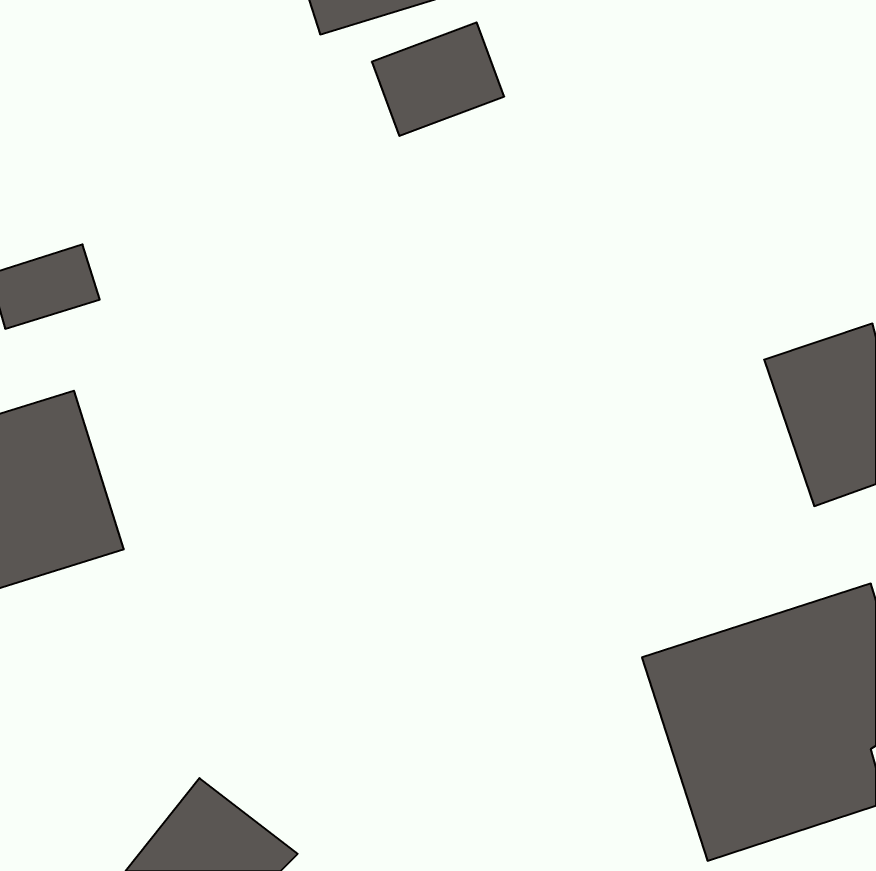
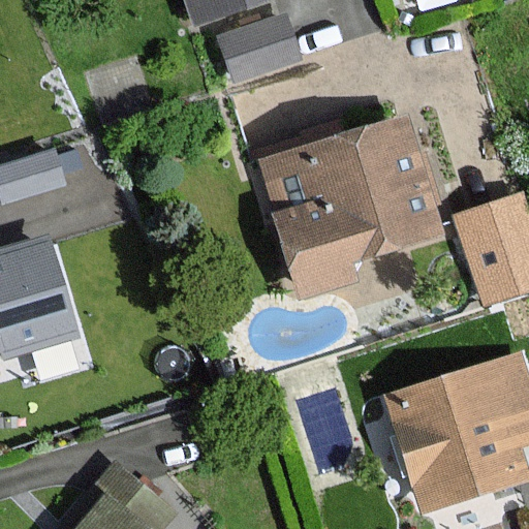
building: none -> [259,118,442,292]

